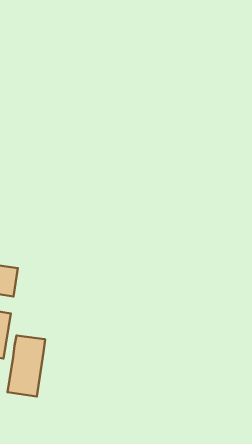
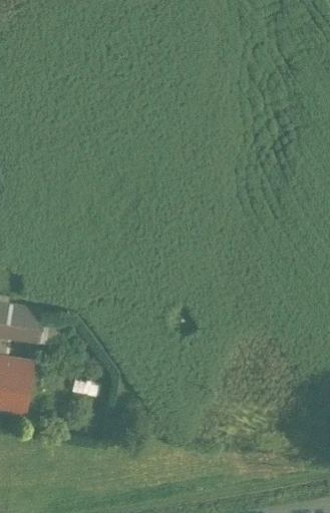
building: [7,335,45,397] -> none

